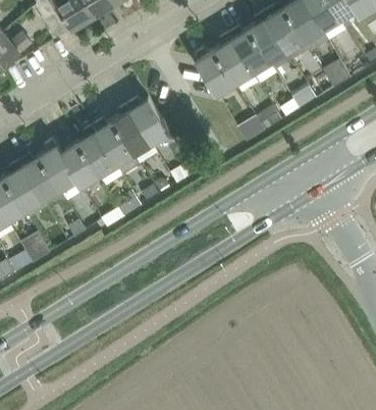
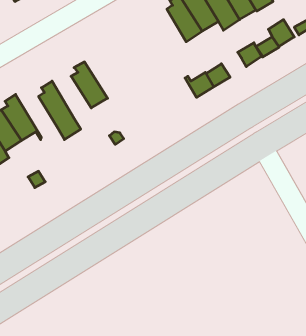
building: [195,48,236,95] -> none
building: [128,98,170,144] -> none
building: [94,119,136,165] -> none
building: [59,141,100,186] -> none

